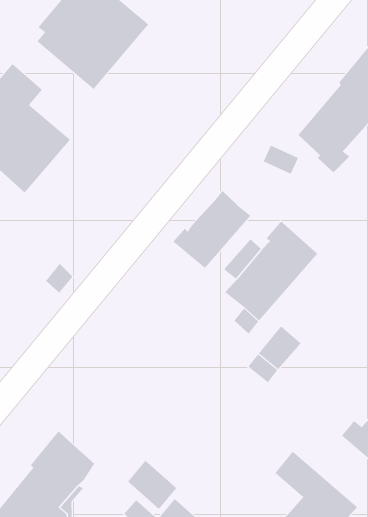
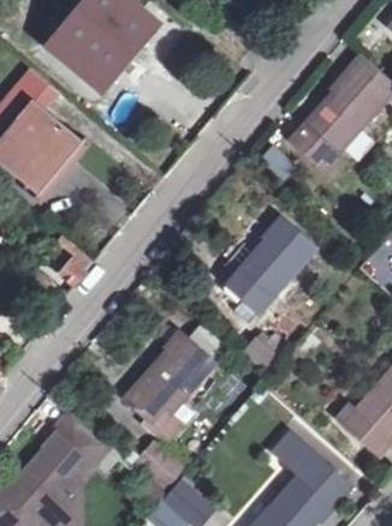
building: [173,190,251,269] -> none
building: none -> [124,333,213,419]

